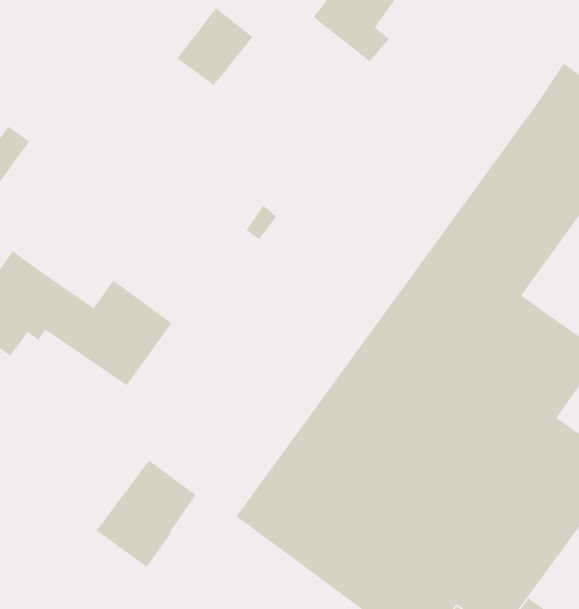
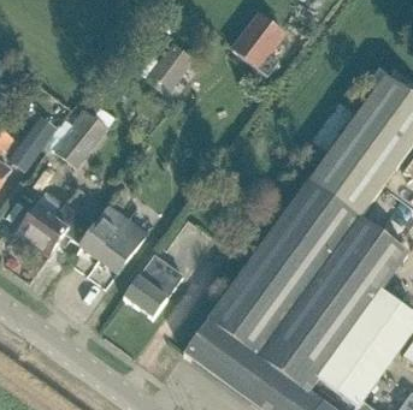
building: none -> [55,111,108,168]
building: [96,459,196,568] -> [122,252,183,319]

